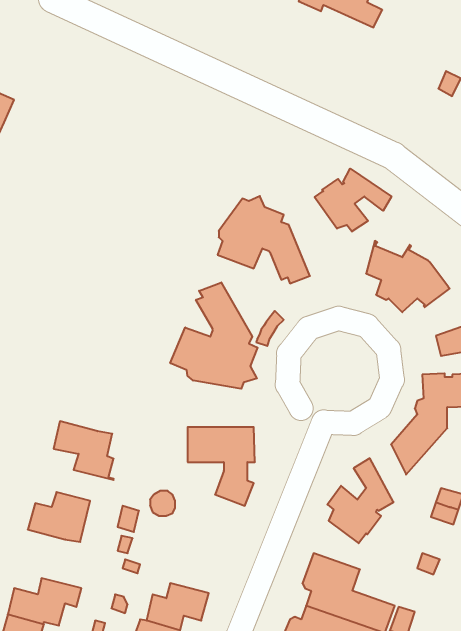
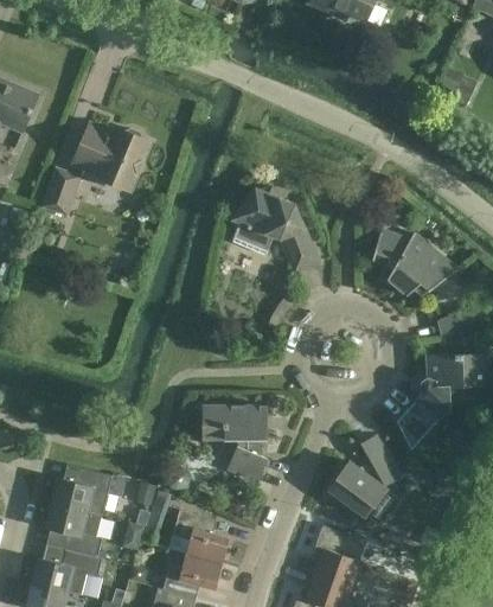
building: none -> [70,124,148,193]
building: [315,169,391,232] -> none
building: none -> [39,167,81,217]
building: [170,282,258,389] -> none
building: [54,421,114,480] -> [44,504,101,560]
building: none -> [167,512,228,564]

